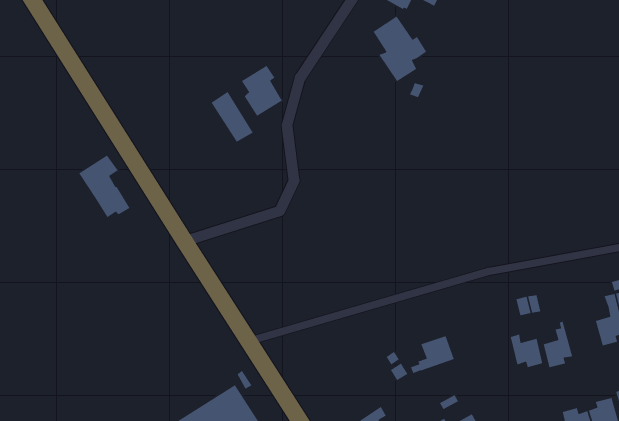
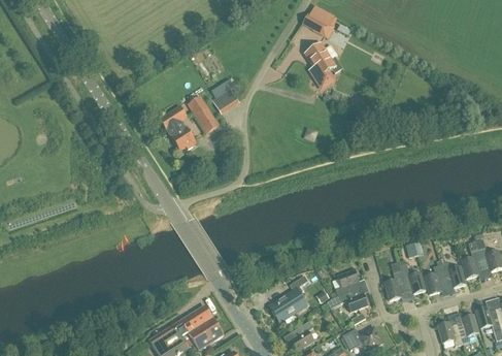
building: [78,155,130,218] -> [159,104,196,150]
building: none -> [439,256,466,287]
building: none -> [384,261,406,300]
building: none -> [268,276,307,322]
building: none -> [338,287,368,311]

